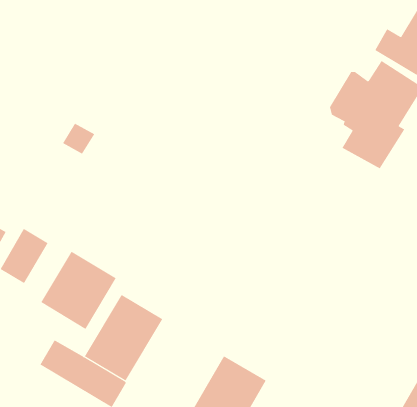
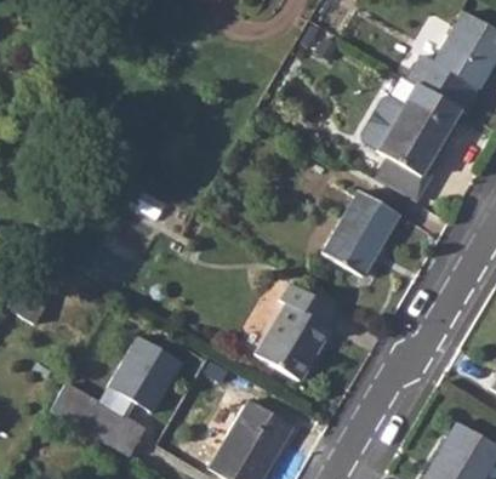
building: none -> [321,192,398,276]
building: none -> [253,283,331,381]
building: [41,251,117,330] -> none

